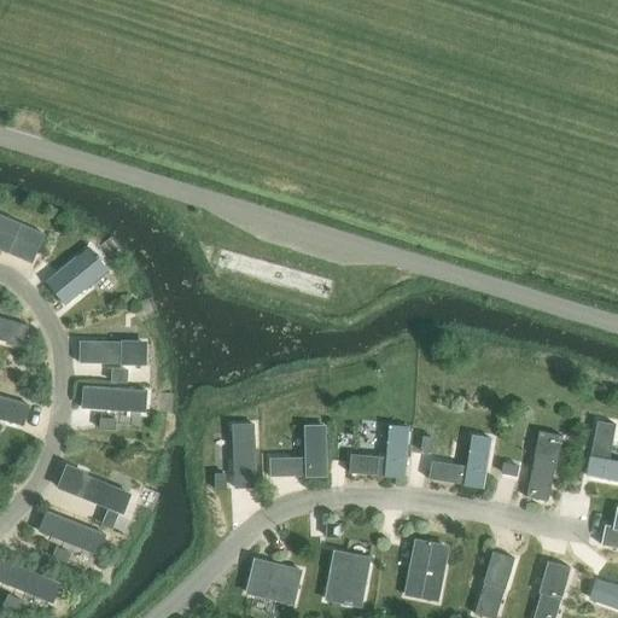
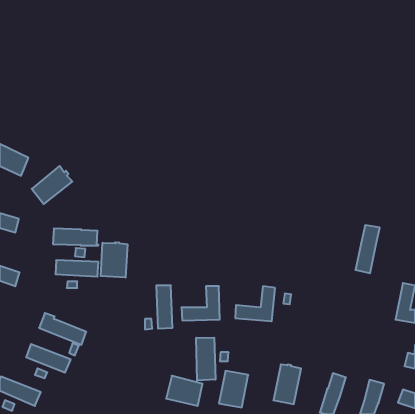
building: none -> [101,242,127,278]
building: [525,430,561,501] -> [355,225,380,273]
building: [427,435,490,486] -> none
building: none -> [196,338,215,381]

